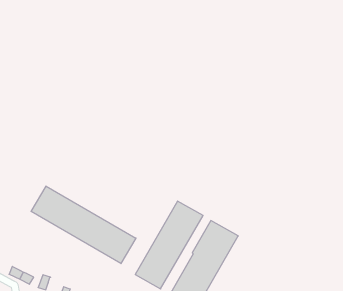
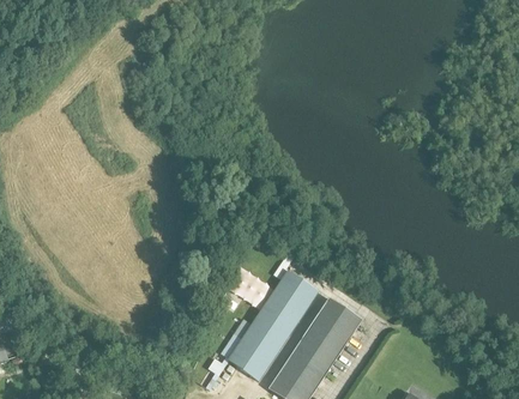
building: [31,186,136,264] -> none

